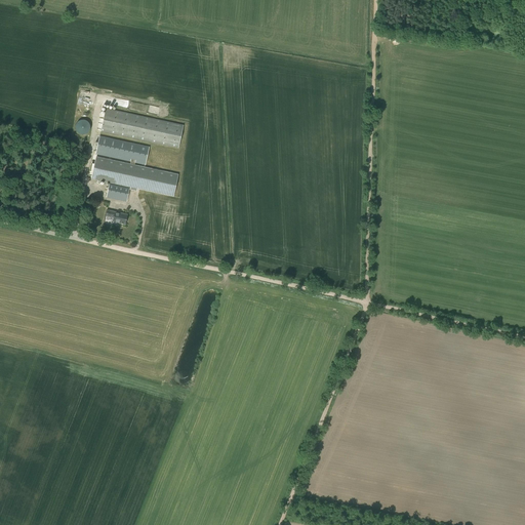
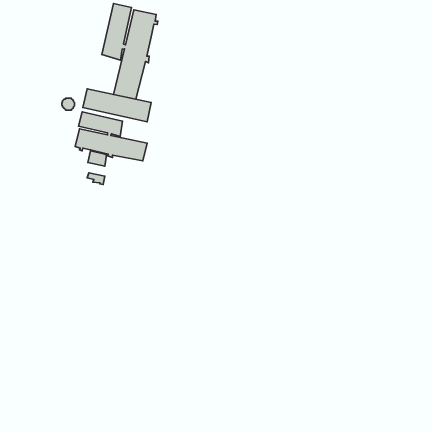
building: none -> [102,4,158,99]

